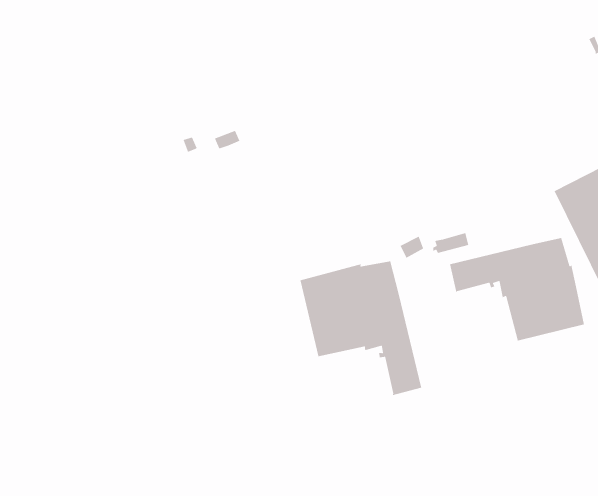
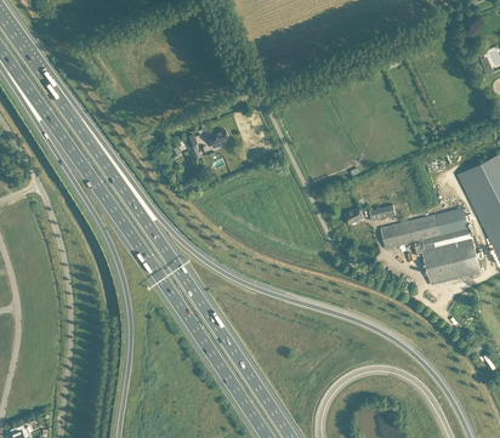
building: [299,260,422,396] -> none

